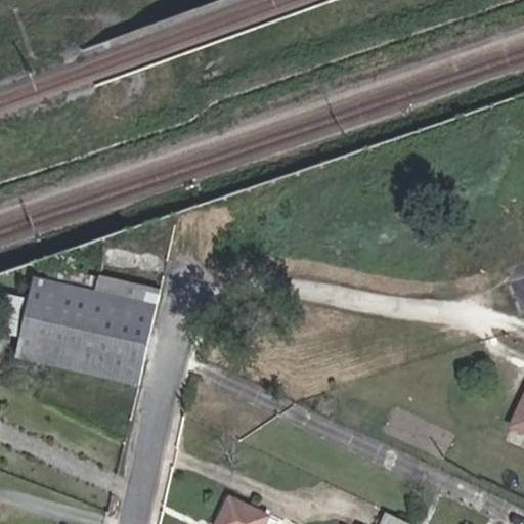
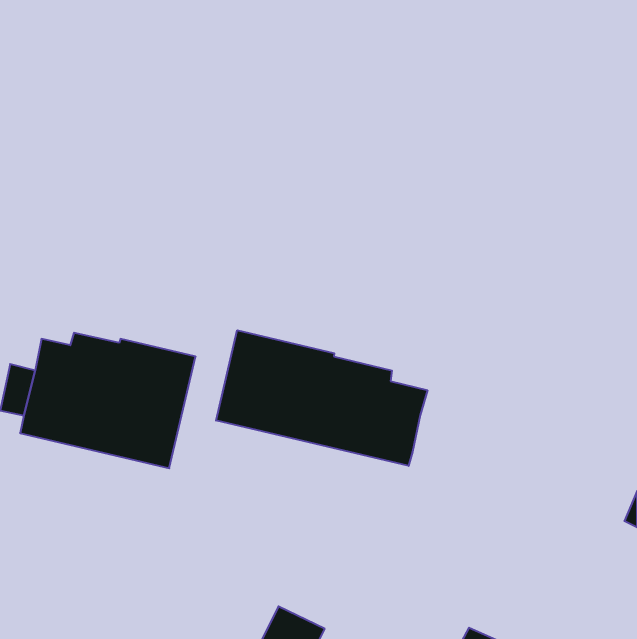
building: none -> [216,330,427,466]

